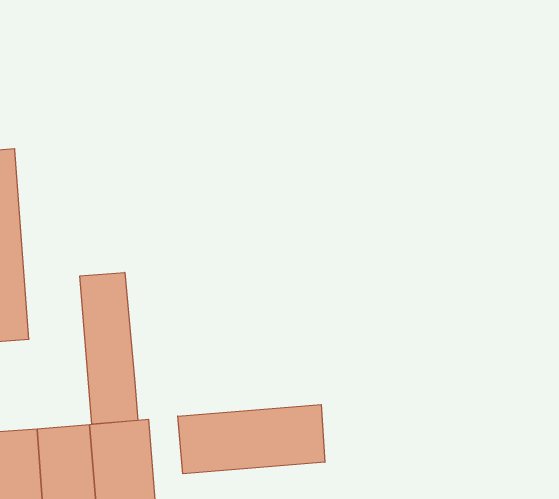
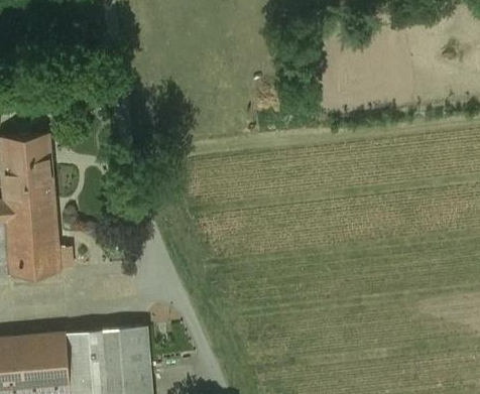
building: [80,272,138,424] -> none
building: [178,405,325,474] -> none

